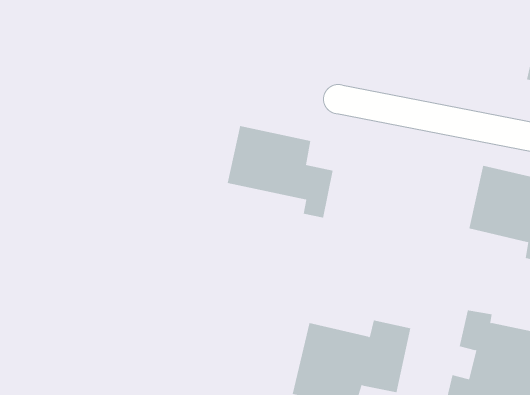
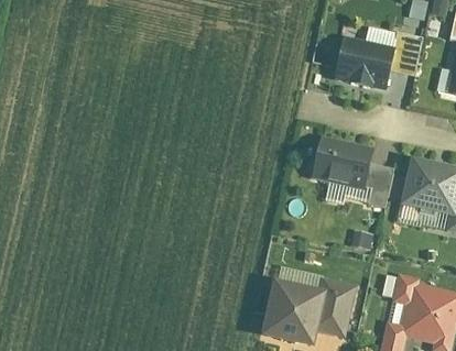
building: none -> [333,33,395,88]
building: [227,126,334,218] -> [308,131,392,204]

